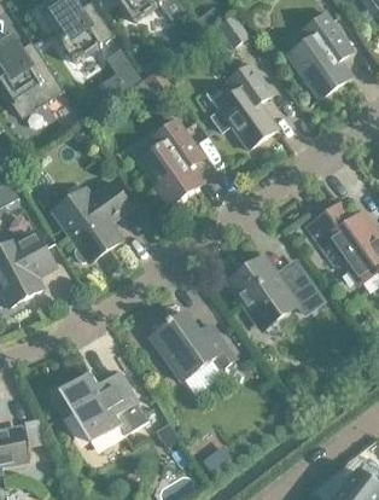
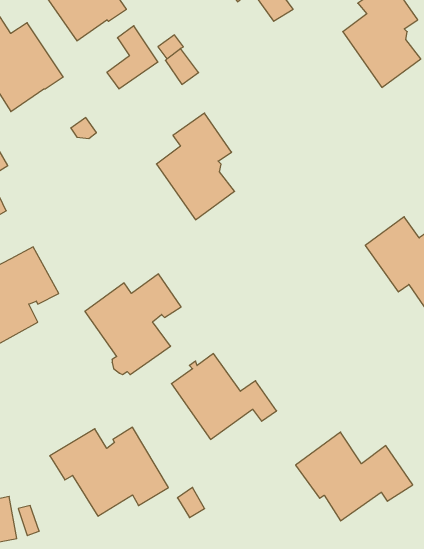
building: [210,63,276,149] -> none
building: [53,180,130,261] -> [85,274,181,375]
building: [228,255,322,326] -> [296,432,413,521]

